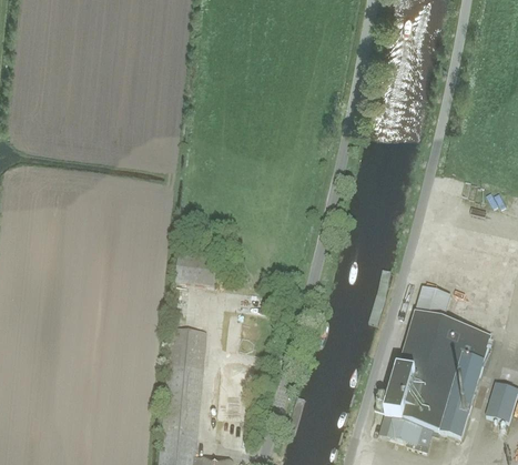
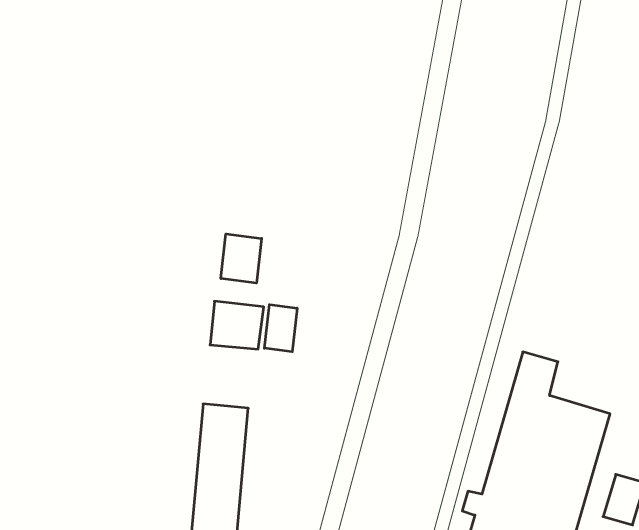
building: none -> [221,234,262,283]
building: none -> [264,305,297,352]

